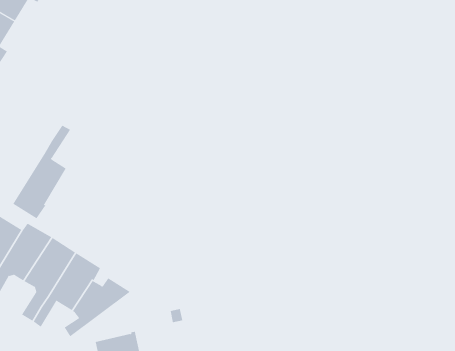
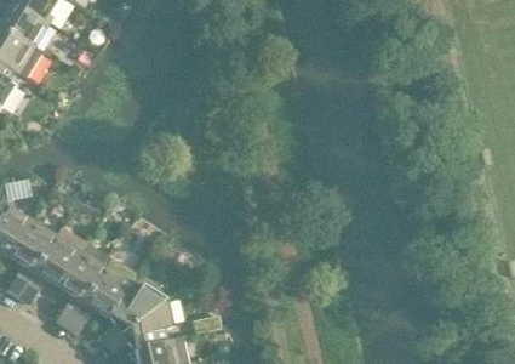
building: [13,125,71,219] -> none
building: none -> [107,298,176,353]

